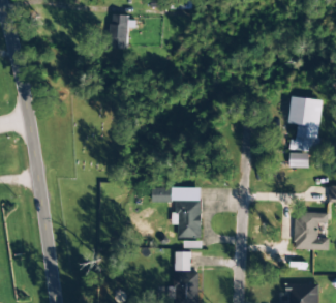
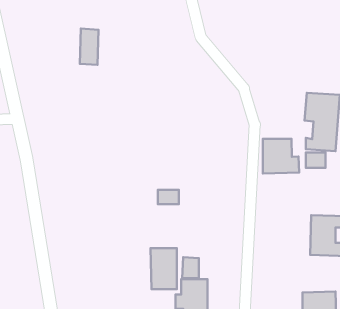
building: [111,13,128,48] -> [80,29,99,65]
building: none -> [263,139,299,174]
building: [177,199,202,237] -> [150,248,177,289]

